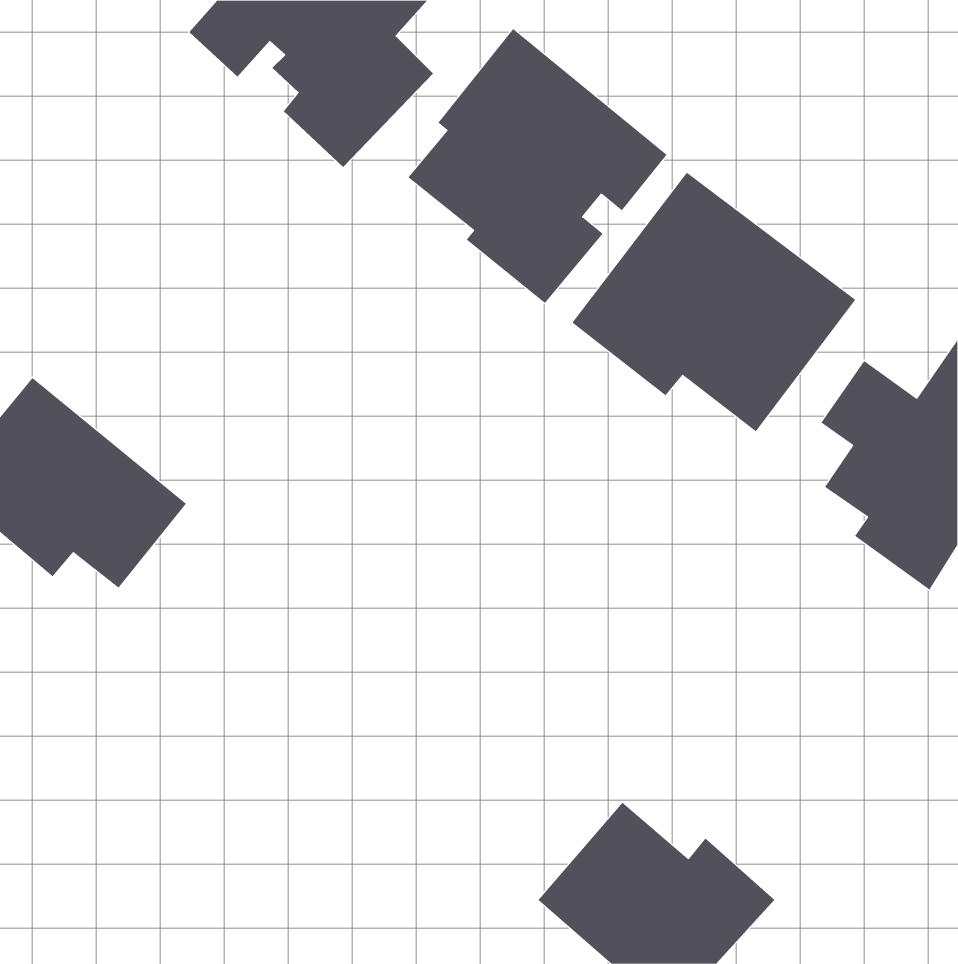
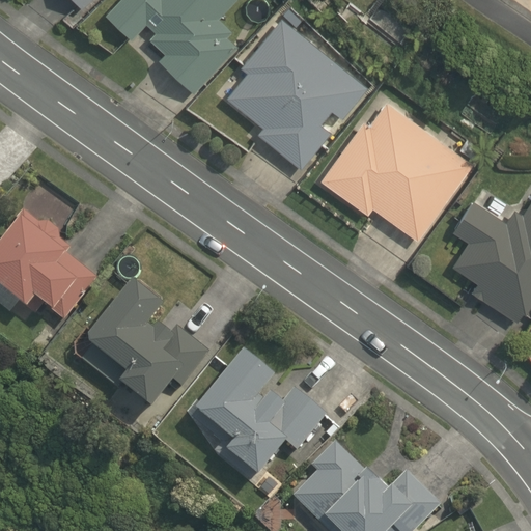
building: none -> [91,277,208,410]
building: none -> [196,350,330,479]

